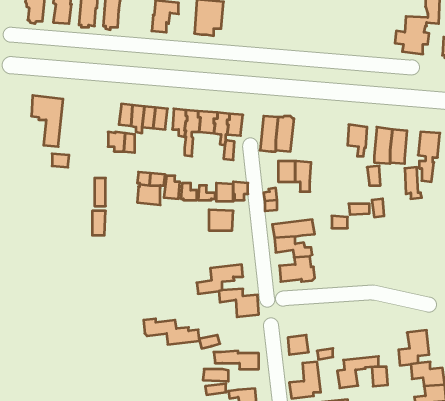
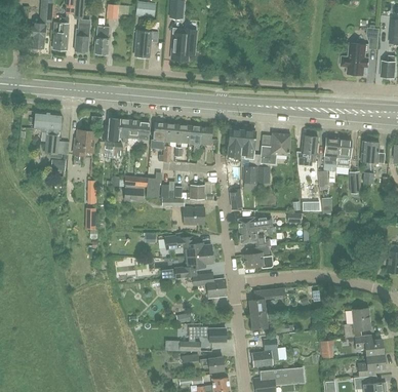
building: none -> [73,128,96,154]
building: none -> [260,132,289,163]
building: [144,319,199,344] -> [164,234,211,256]
building: [337,356,379,388] -> [248,287,283,314]

